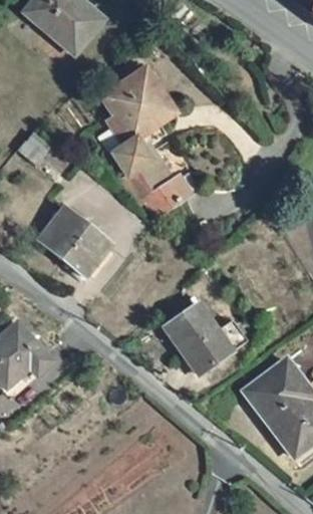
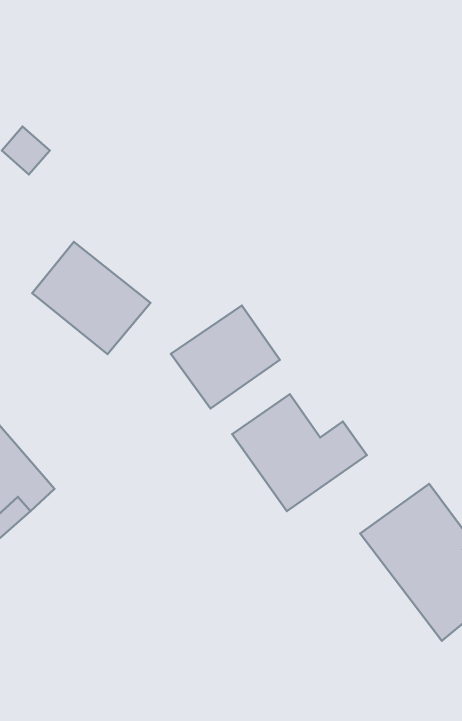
building: [101,66,192,215] -> none
building: none -> [171,305,280,408]

